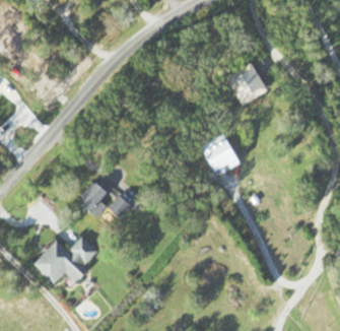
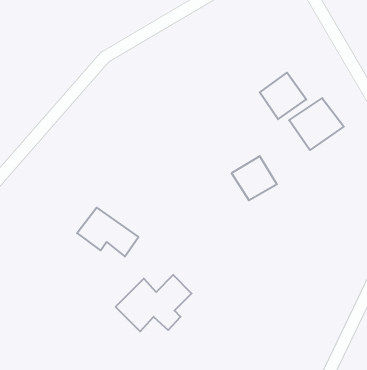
building: none -> [289,98,344,150]
building: [31,237,94,283] -> [116,275,192,331]

